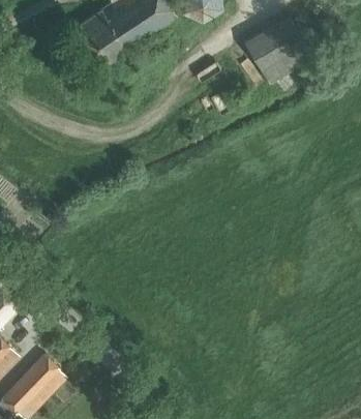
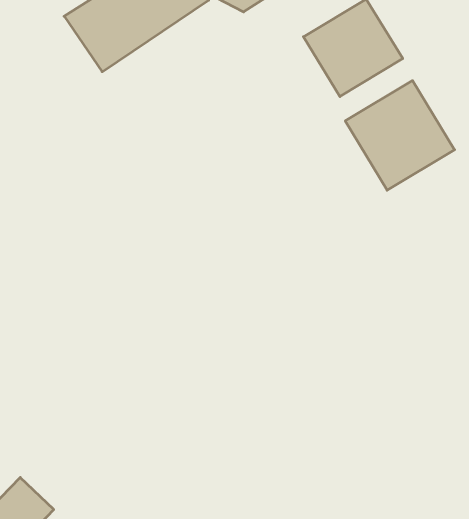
building: none -> [345,81,455,190]

